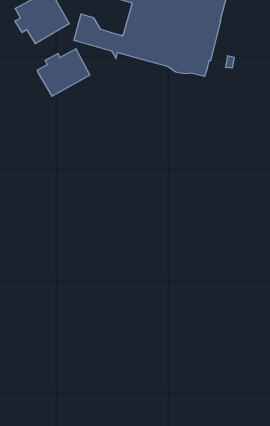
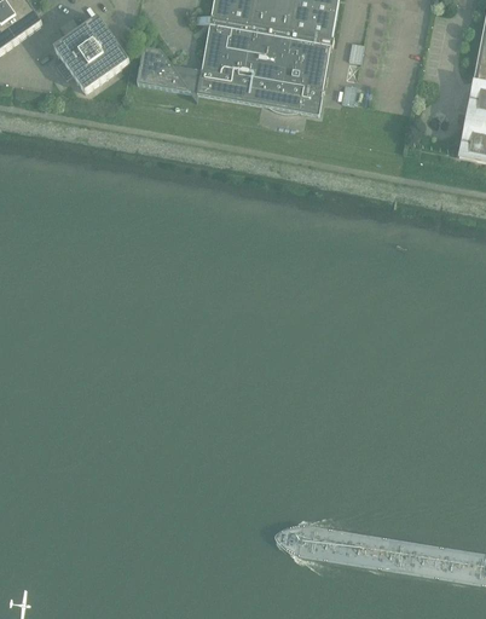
building: [37,49,90,96] -> none

